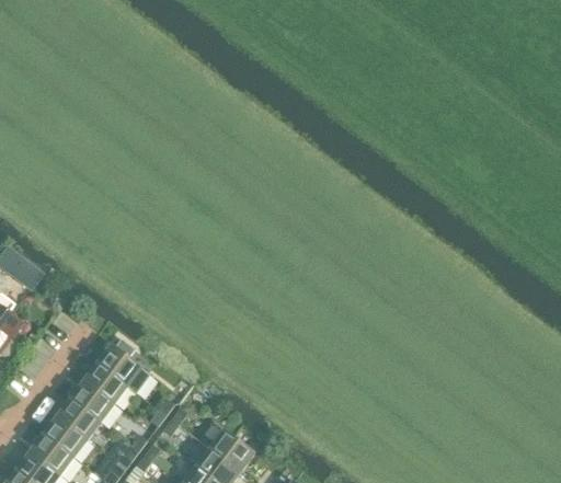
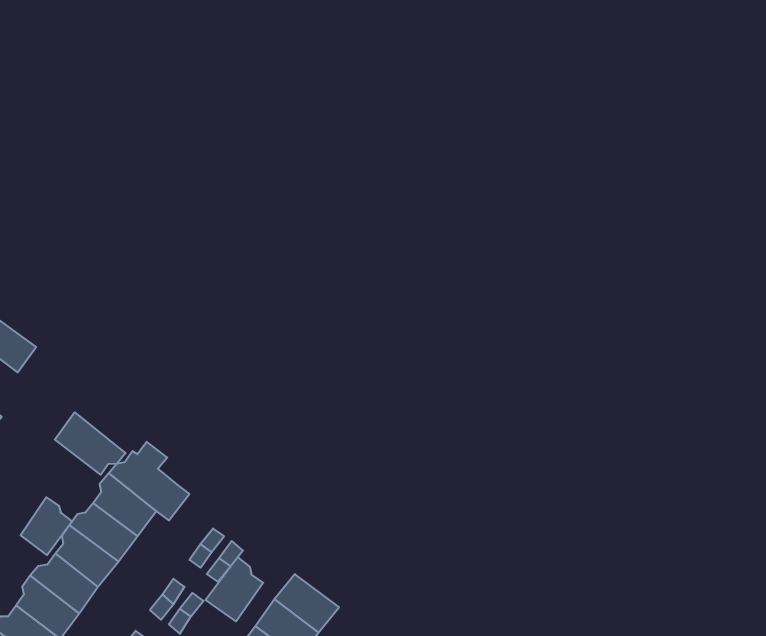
building: none -> [55,412,126,475]
building: none -> [21,497,72,555]
building: none -> [205,557,263,621]

